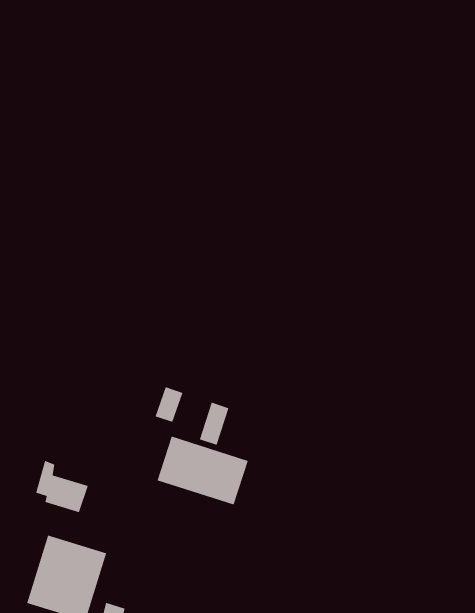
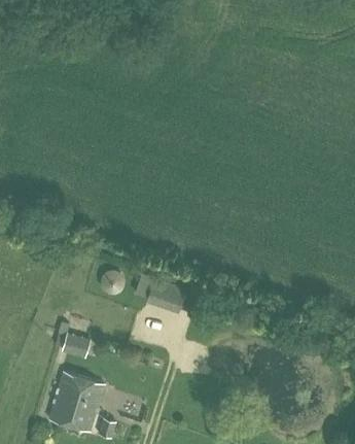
building: [157,436,249,506] -> none

